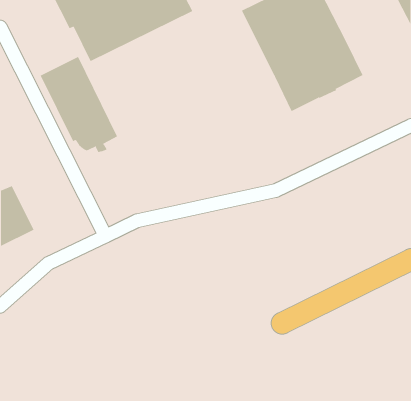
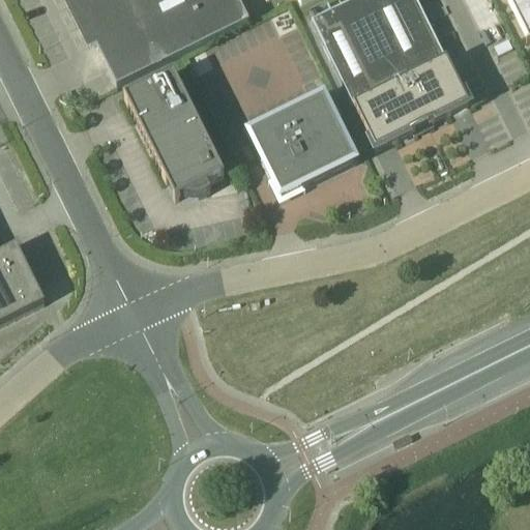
building: [40,56,118,153] -> [123,65,224,189]
building: none -> [251,92,353,190]

